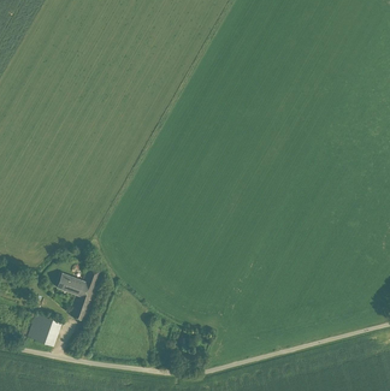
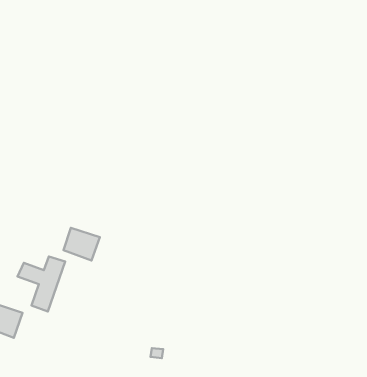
building: none -> [64,228,100,260]

